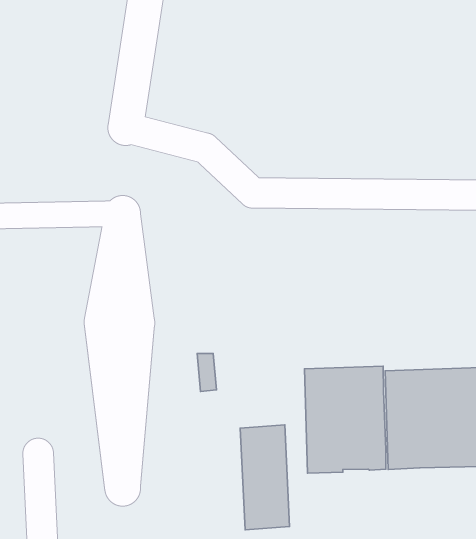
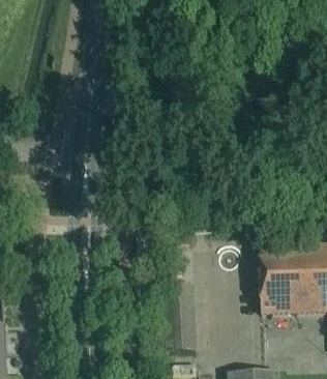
building: [304,366,386,473] -> none

